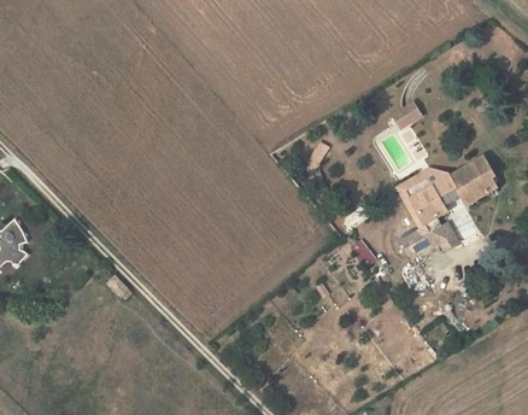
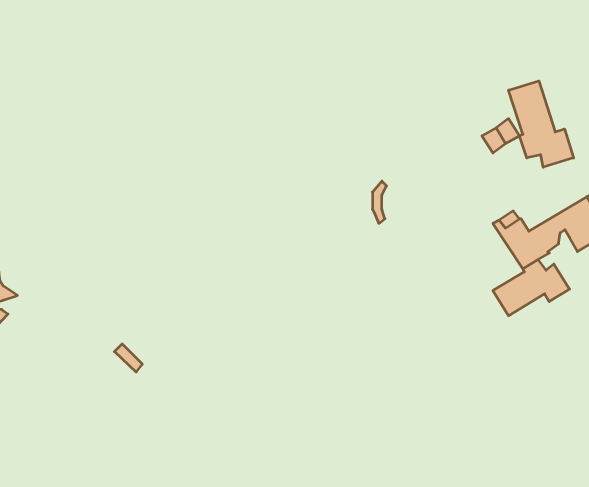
building: none -> [509,81,574,167]

